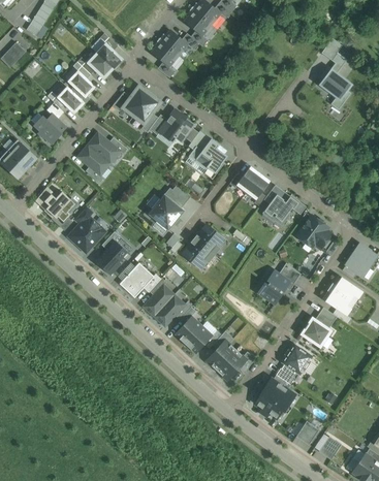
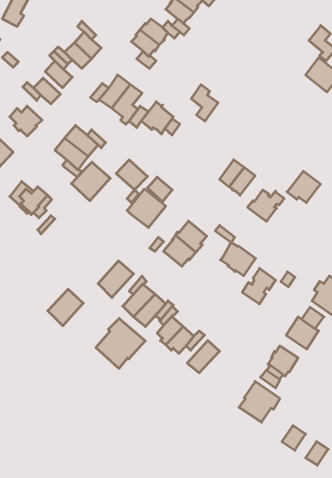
building: [201,138,227,173] -> [191,85,218,121]
building: none -> [116,160,148,190]
building: [68,216,105,253] -> [71,162,110,201]
building: [296,216,328,246] -> [287,171,320,203]
building: [95,241,129,276] -> [48,289,83,326]
building: none -> [220,243,256,276]
building: none -> [96,318,145,368]
building: [217,350,247,381] -> none

